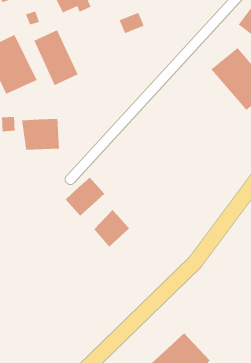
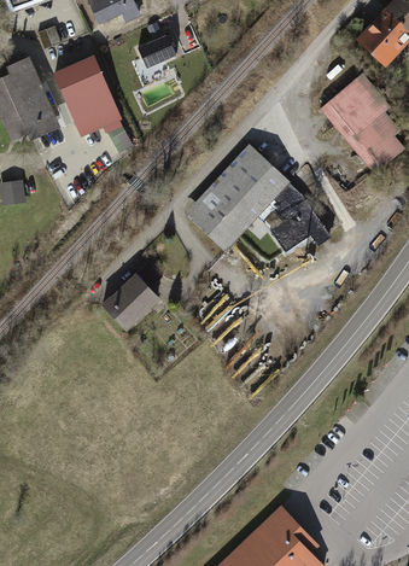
building: [119,12,145,34] -> [140,33,179,65]
building: none -> [183,142,332,263]
building: [21,118,60,150] -> none
building: [93,209,130,247] -> none

